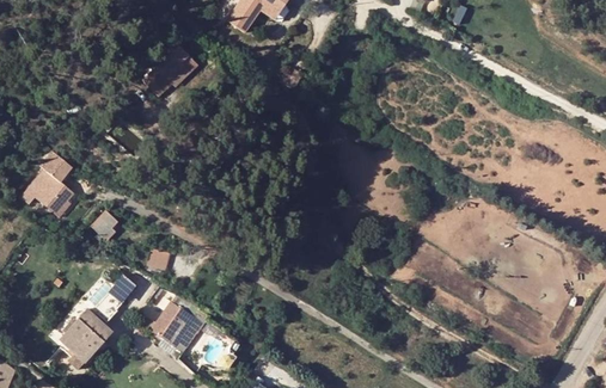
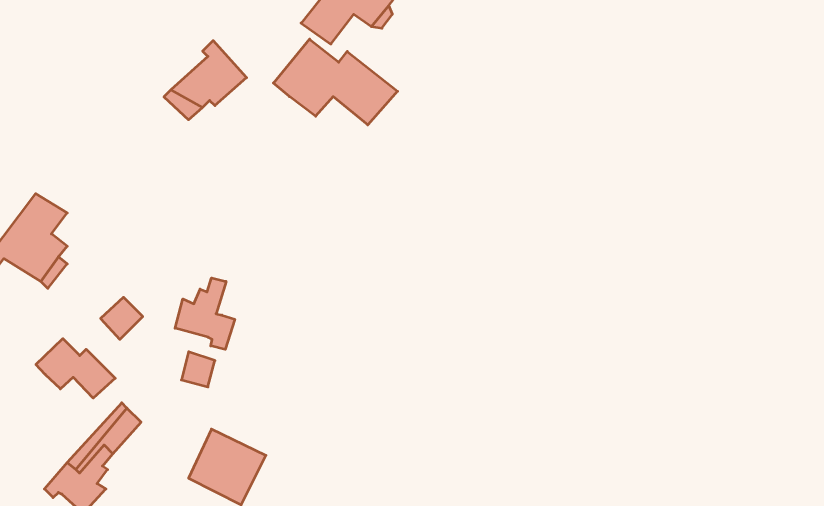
building: none -> [273,39,398,125]
building: none -> [175,278,235,349]
building: none -> [36,339,115,398]

